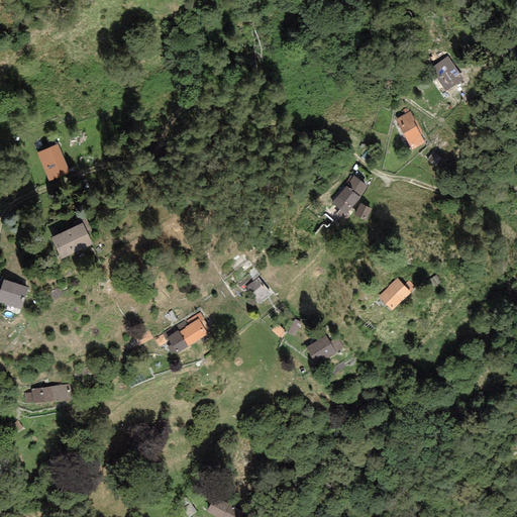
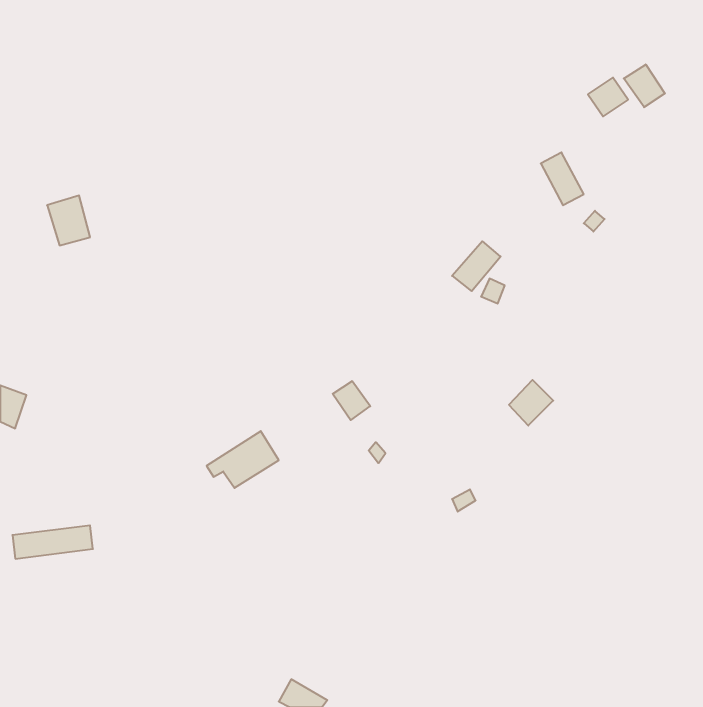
building: none -> [624,64,665,107]
building: [48,217,92,258] -> none
building: [305,335,336,366] -> none

